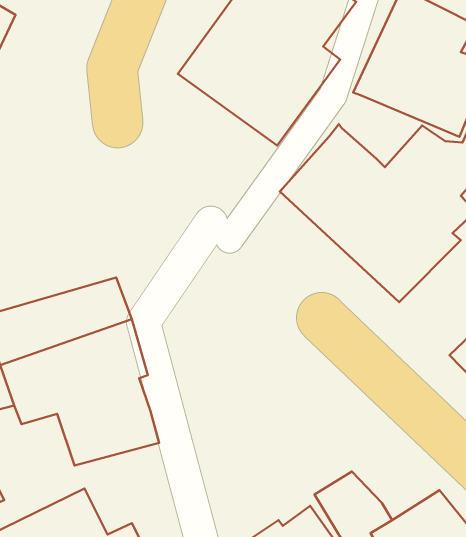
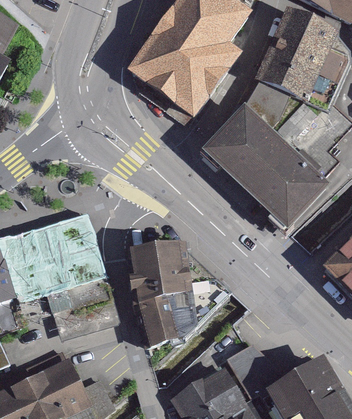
building: none -> [245,82,289,126]
building: none -> [123,242,228,348]

